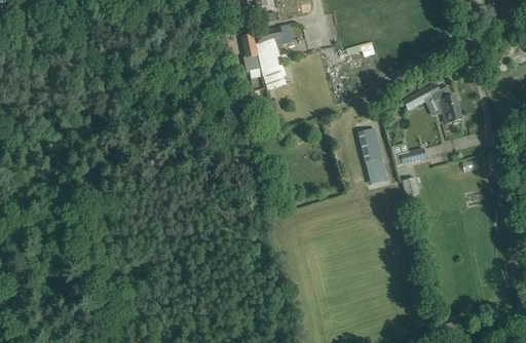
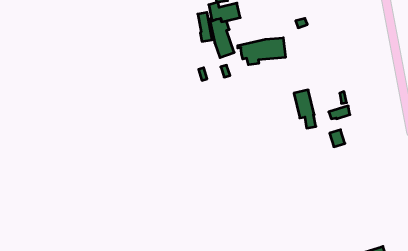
building: none -> [238,38,285,65]
building: [411,82,460,121] -> none

